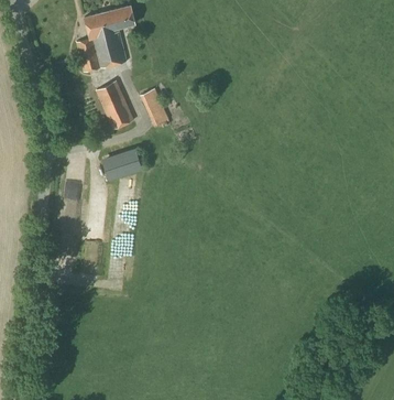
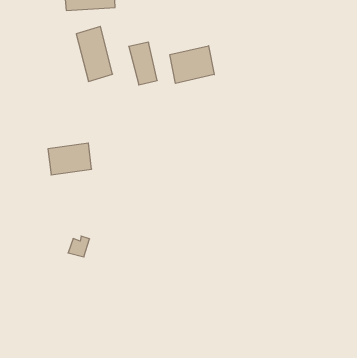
building: none -> [170,46,214,83]
building: [101,148,142,181] -> [48,143,92,175]

